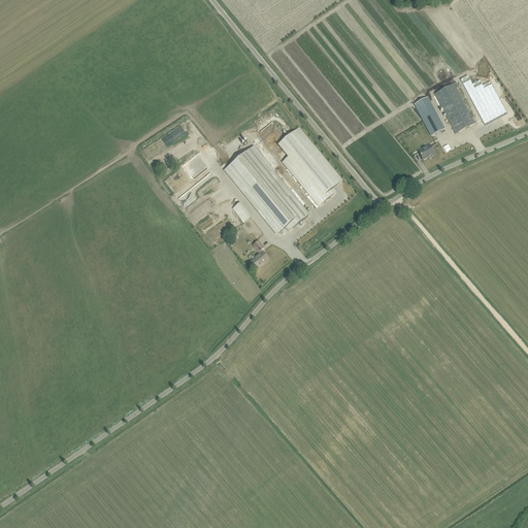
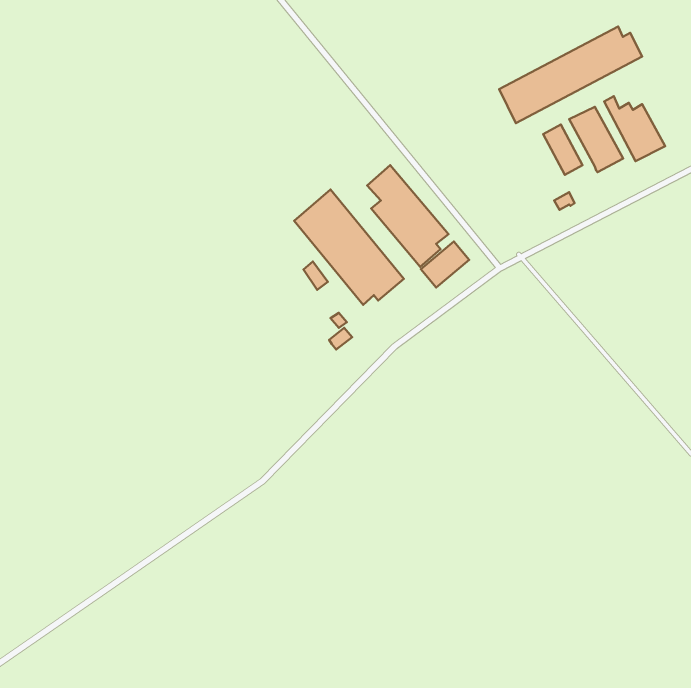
building: none -> [499,27,642,123]
building: none -> [421,241,469,287]

